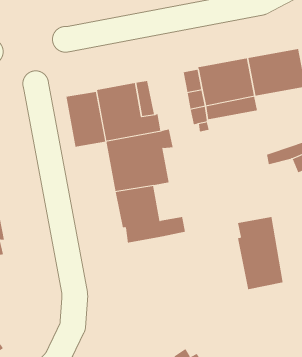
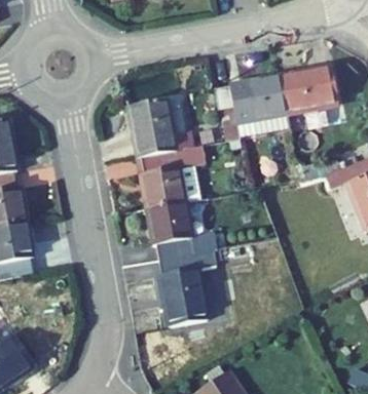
building: [66,91,106,147] -> none
building: [237,217,283,290] -> [158,252,205,325]

